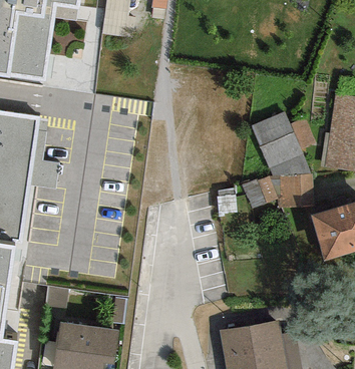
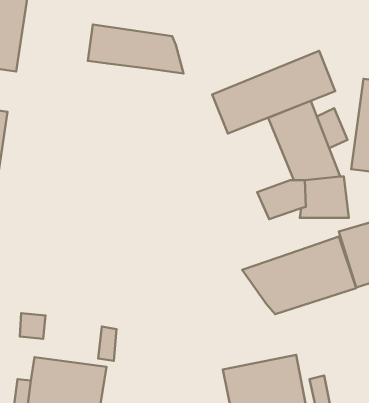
building: none -> [88,24,183,73]
building: none -> [212,51,335,134]
building: none -> [242,236,356,314]

